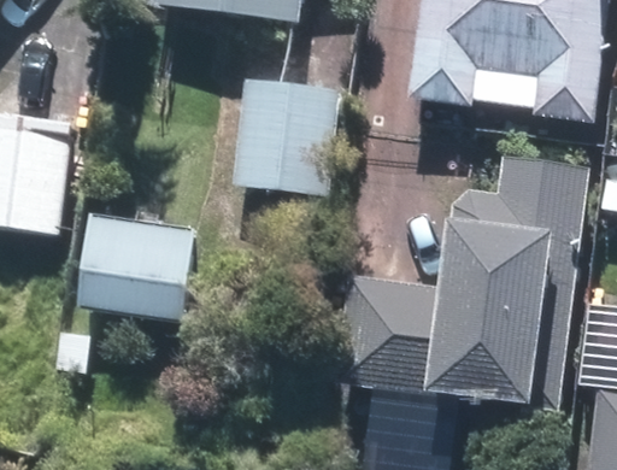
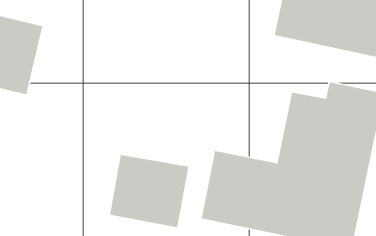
building: [237,78,334,193] -> none
building: [89,218,200,318] -> [109,154,189,228]

